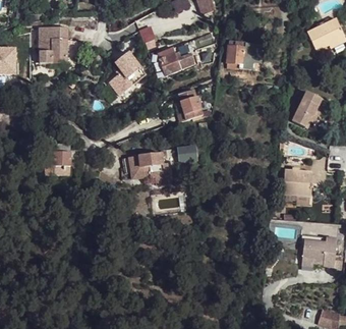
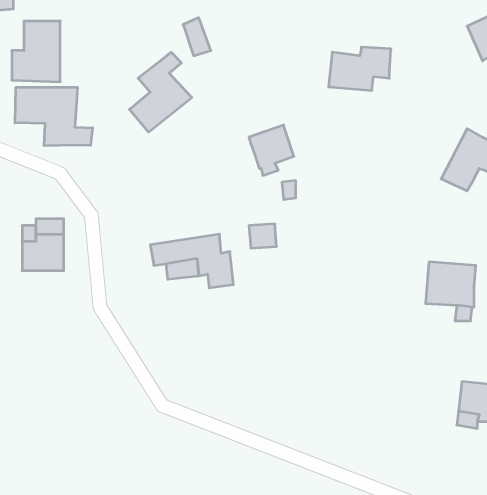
building: [157,47,194,74] -> none
building: none -> [15,87,92,146]

